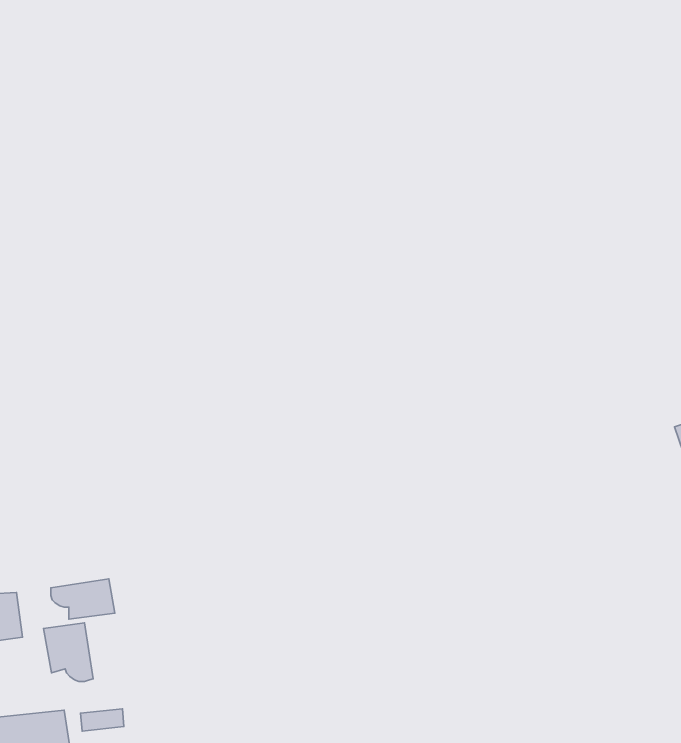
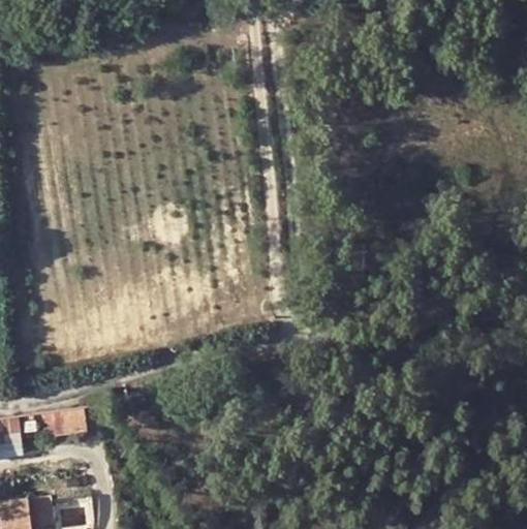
building: [43,623,93,681] -> none

